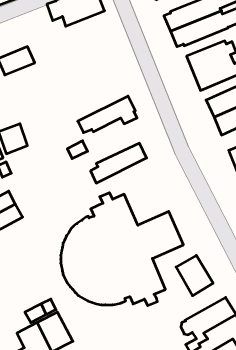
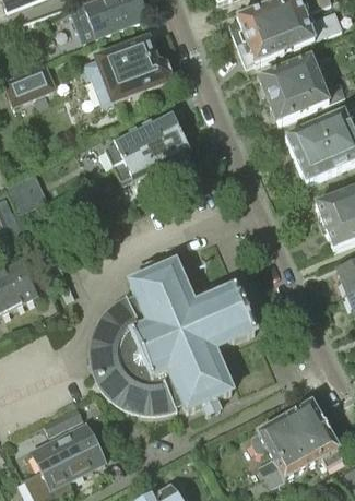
building: none -> [82,39,169,107]
building: [91,143,147,183] -> [105,112,180,166]
building: [176,255,213,296] -> none

